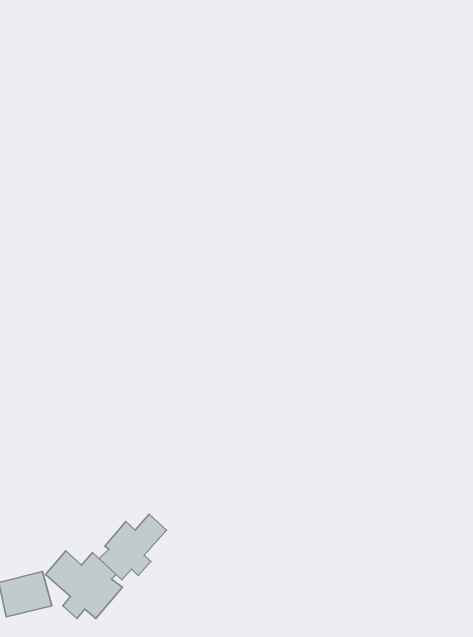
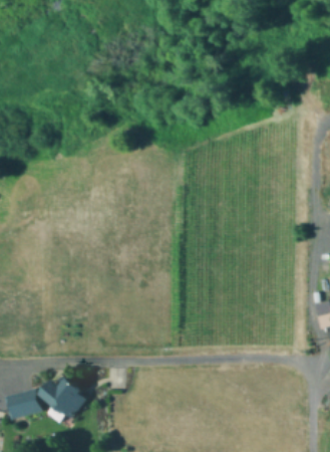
building: [99,514,166,580] -> none

